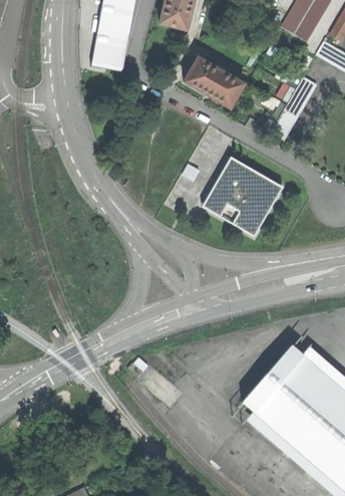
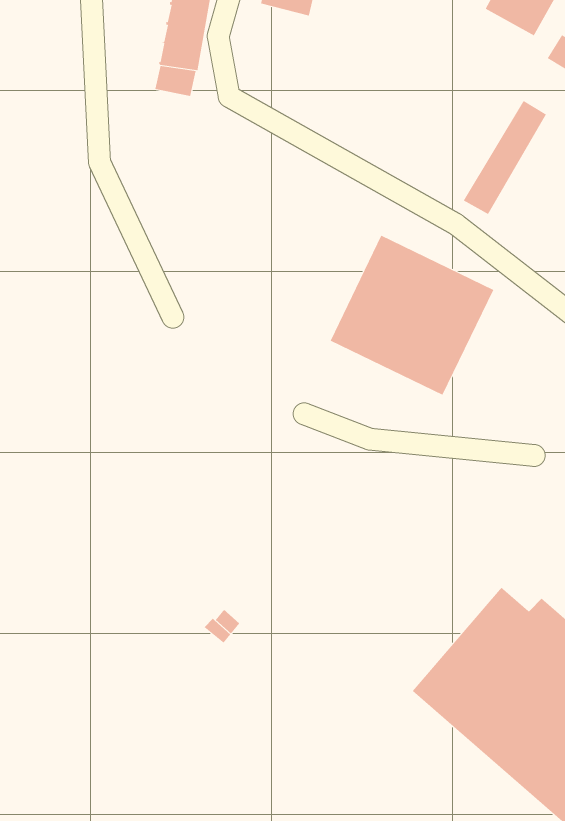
building: [184,57,243,107] -> none

